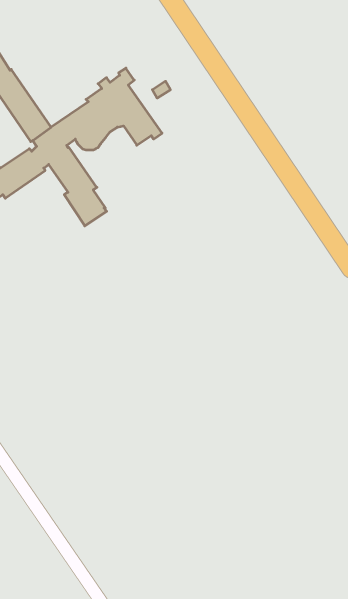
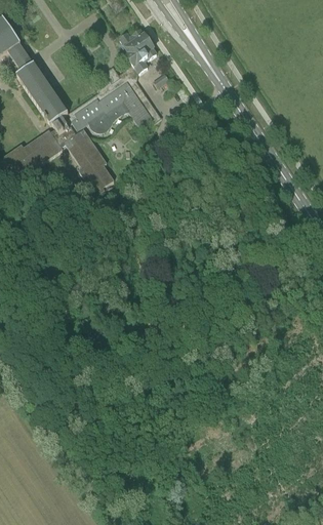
building: none -> [119,30,156,73]

